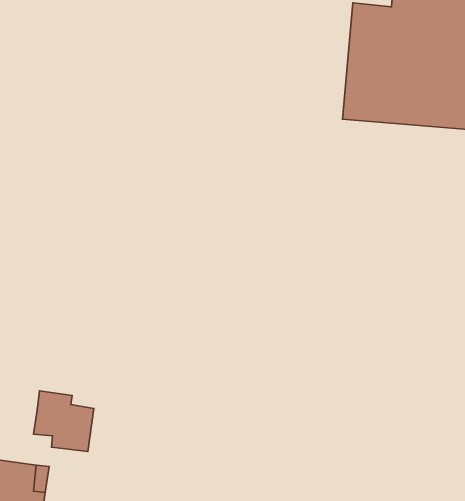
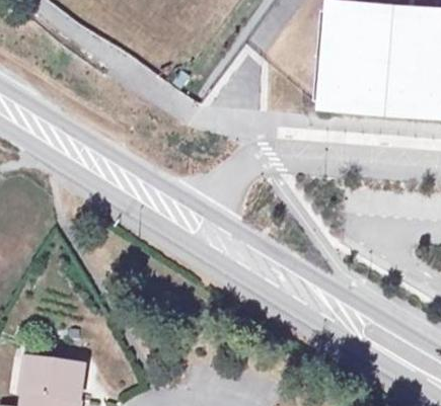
building: [33,391,94,451] -> none

